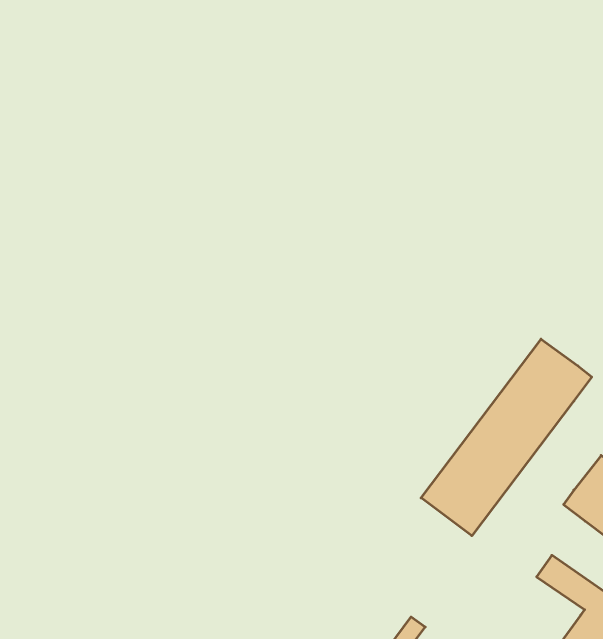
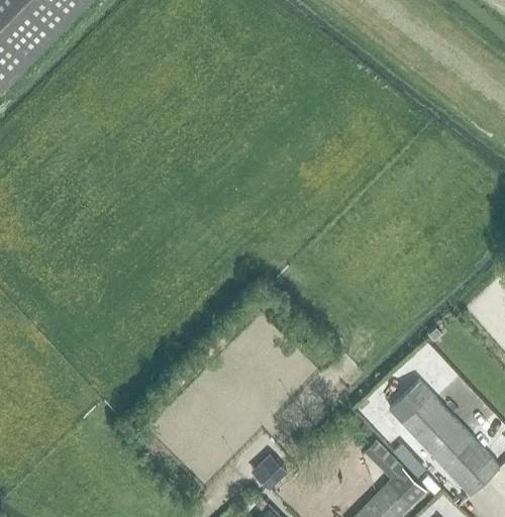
building: [421,339,592,536] -> none

